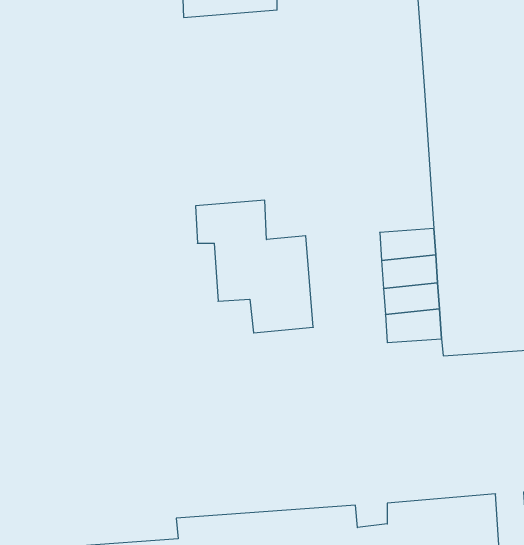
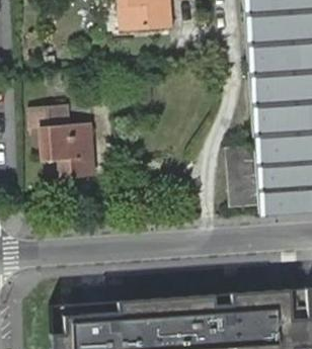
building: [196,200,313,333] -> [30,104,94,176]

